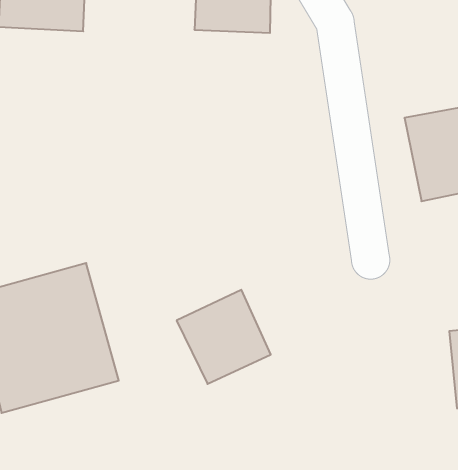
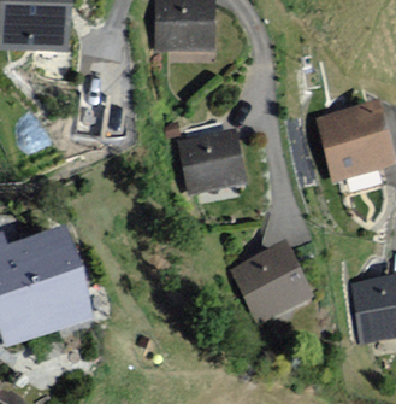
building: none -> [178,118,248,191]
building: [177,290,271,384] -> [236,246,309,320]

